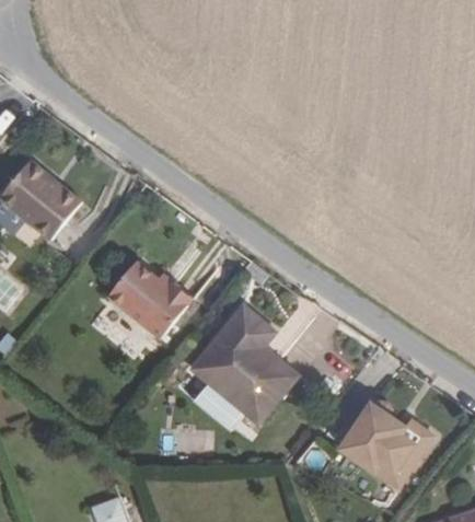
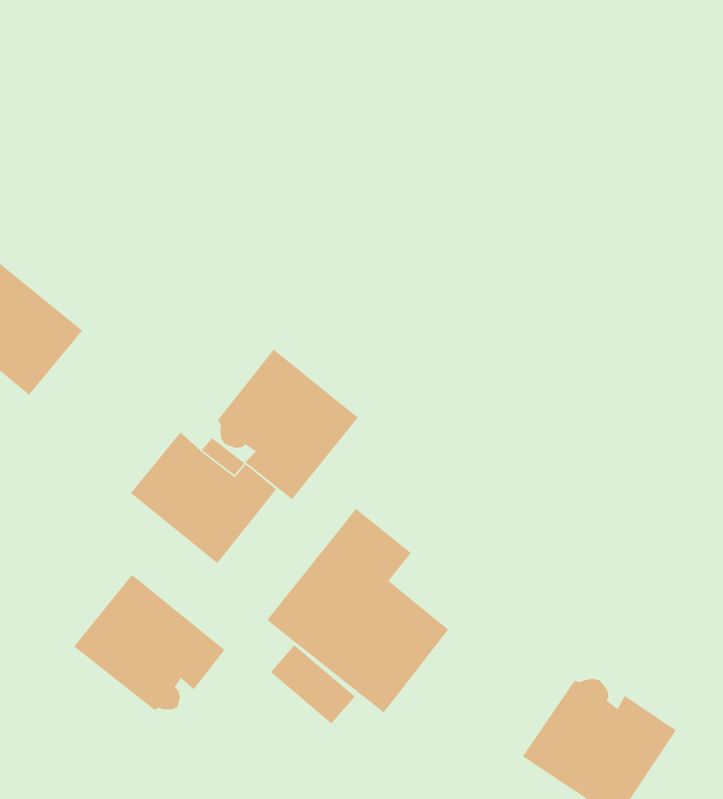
building: none -> [217,348,359,500]
building: none -> [73,574,226,711]

